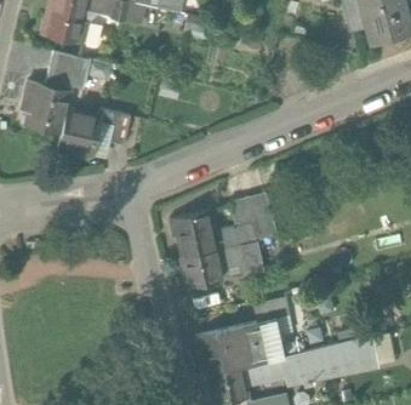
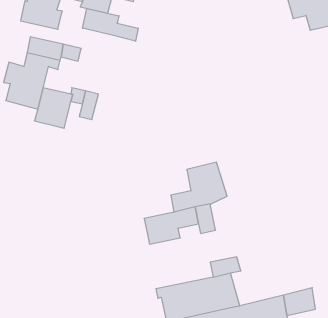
building: none -> [83,8,138,41]
building: [171,213,217,258] -> none

